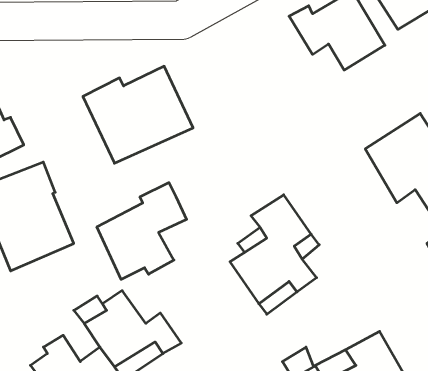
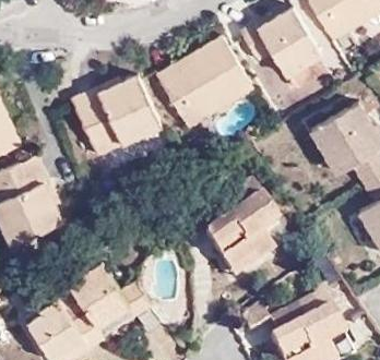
building: none -> [162,40,252,129]
building: [97,183,187,279] -> none

